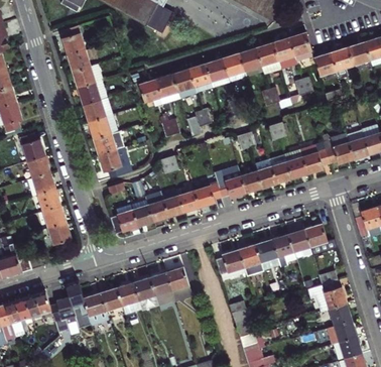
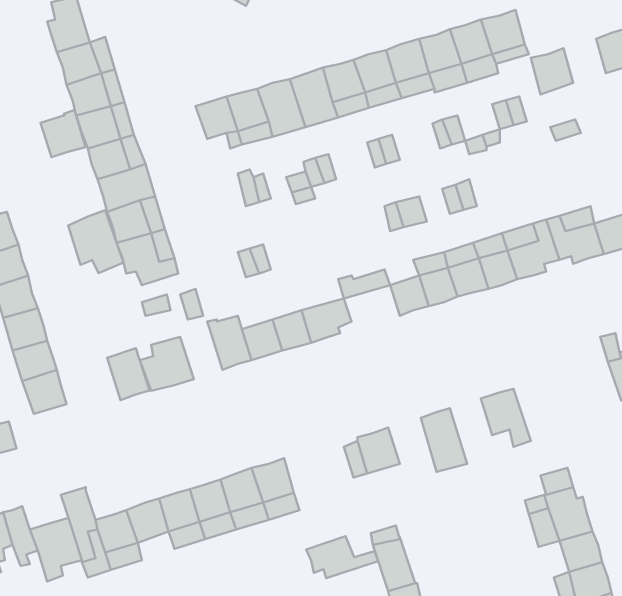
building: [331,47,353,79] -> none
building: none -> [41,110,86,157]
building: none -> [68,210,124,273]
building: [216,176,245,198] -> none
building: [130,199,152,226] -> [107,348,149,400]
building: [304,226,329,258] -> none
building: [271,236,296,270] -> none
building: [239,246,264,279] -> none
building: none -> [306,536,378,578]

